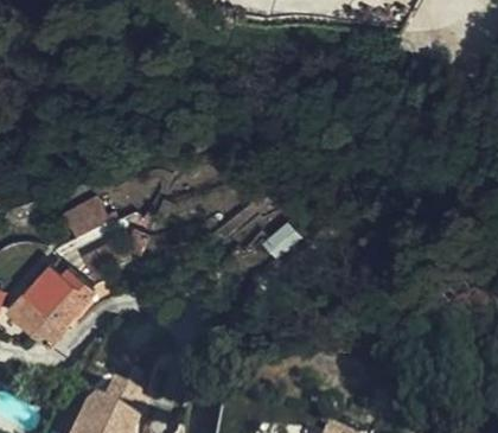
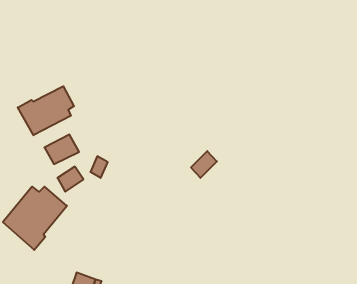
building: none -> [18,86,74,135]

